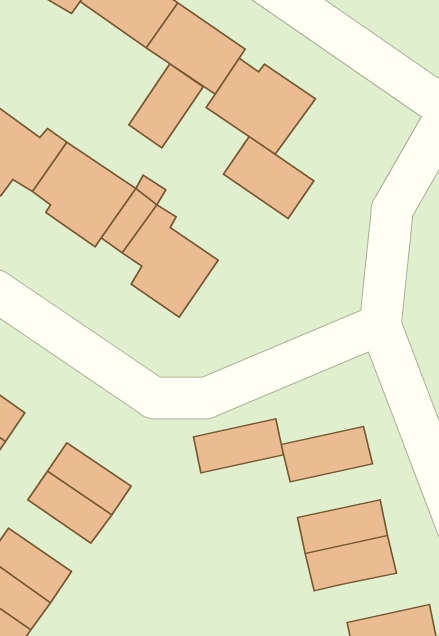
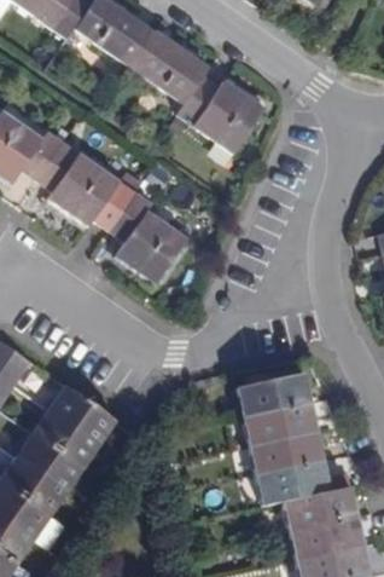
building: [129,64,203,148] -> none
building: [223,136,314,219] -> none
building: [193,419,283,473] -> [244,403,316,446]
building: none -> [17,432,83,490]
building: none -> [284,486,356,531]

